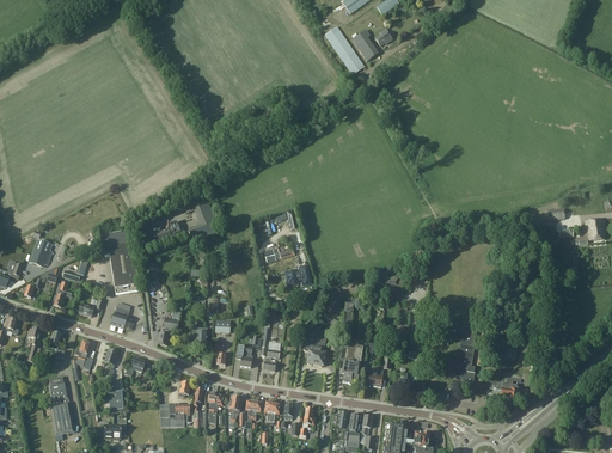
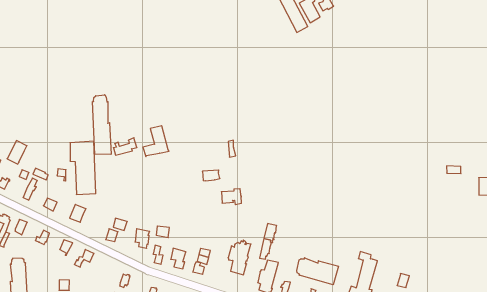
building: none -> [93,95,111,154]
building: none -> [297,258,339,285]

